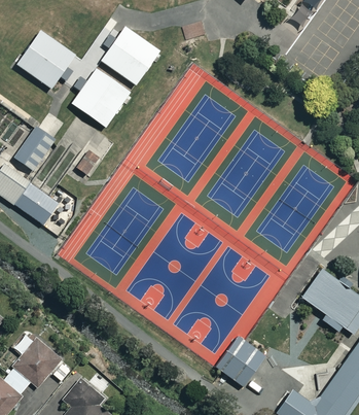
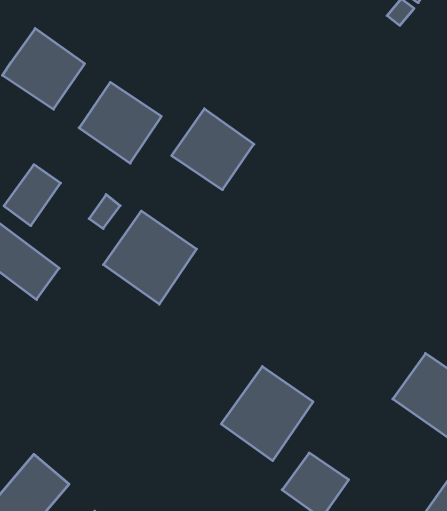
building: [100,25,159,83] -> [172,109,254,190]
building: none -> [103,211,197,304]
building: none -> [221,366,313,461]

